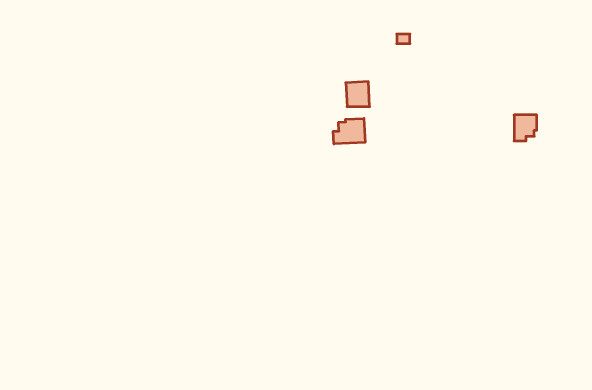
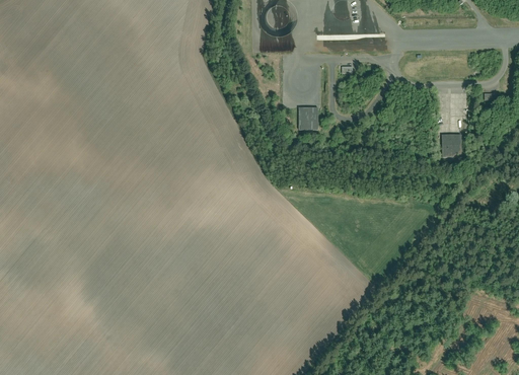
building: [333,118,365,144] -> none

